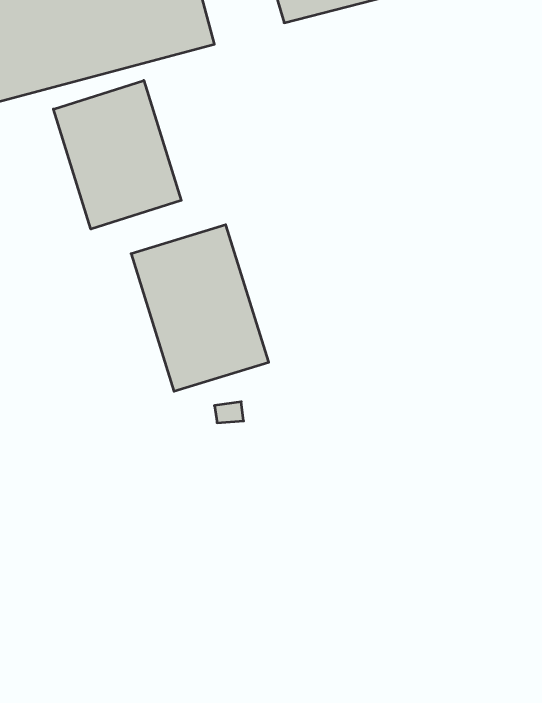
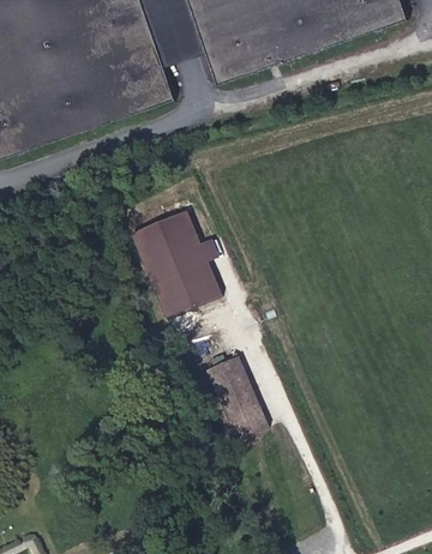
building: [53,80,181,229] -> none
building: none -> [206,355,269,438]

